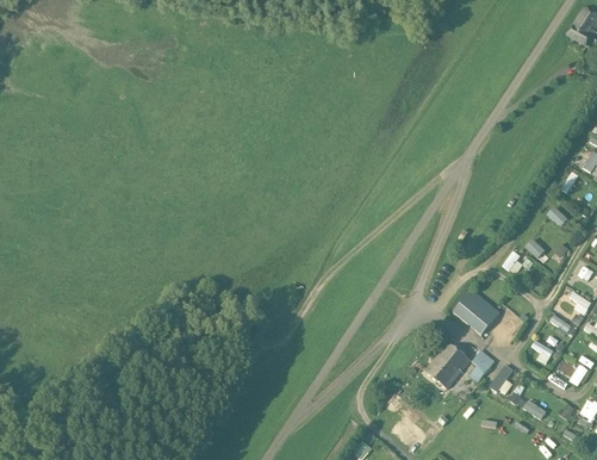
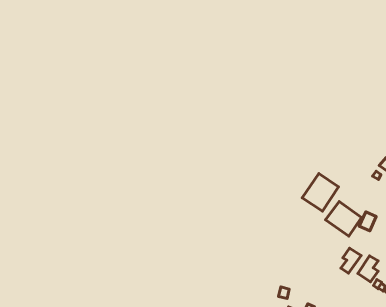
building: none -> [302,173,338,211]
building: [424,342,469,390] -> none

